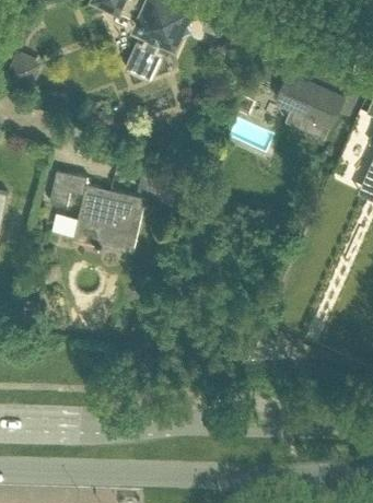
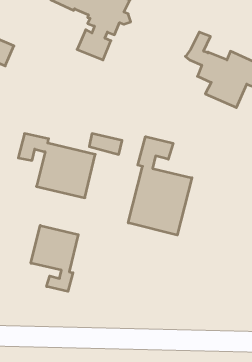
building: none -> [128,137,192,235]
building: none -> [31,225,78,291]

